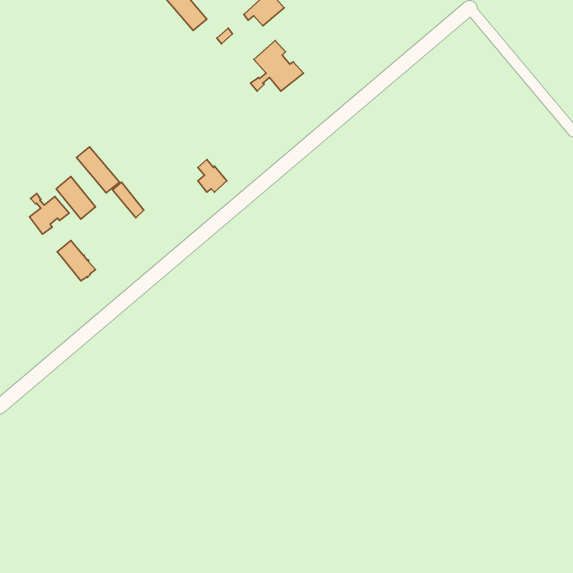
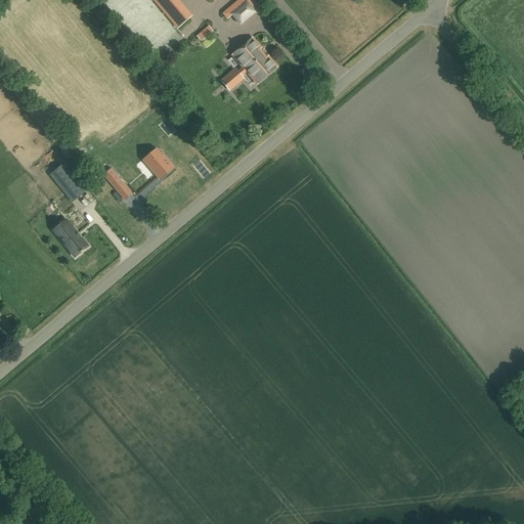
building: [76,147,119,193] -> none
building: [198,160,227,192] -> [147,147,174,177]
building: [29,193,69,234] -> none

